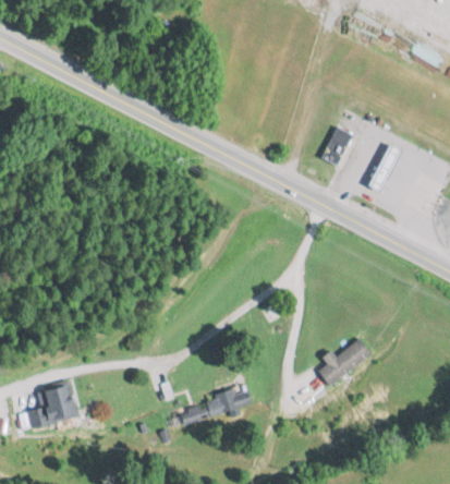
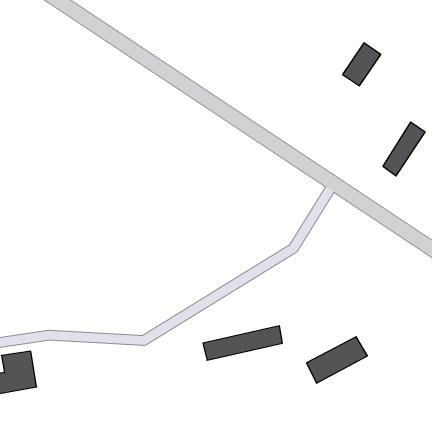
building: [321,123,354,162] -> [343,43,381,86]
building: [181,386,253,424] -> [203,326,282,360]

